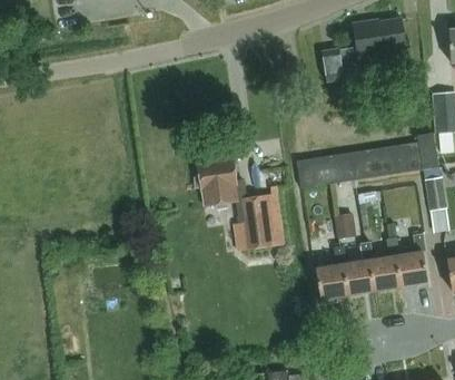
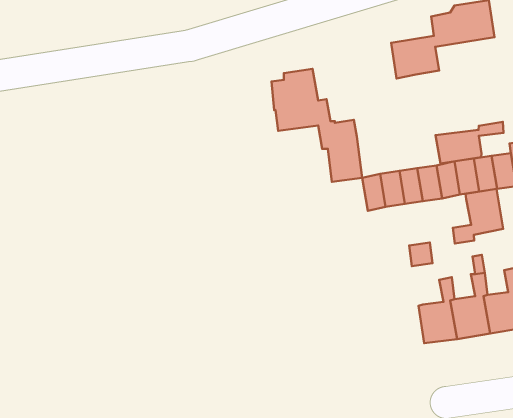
building: none -> [436,122,503,163]
building: [198,155,271,246] -> [271,69,362,182]
building: none -> [453,189,503,244]
building: [315,246,348,300] -> none

